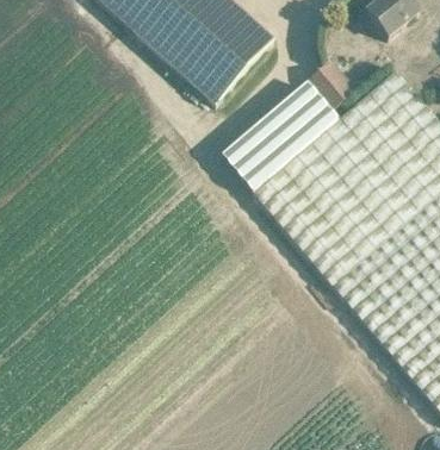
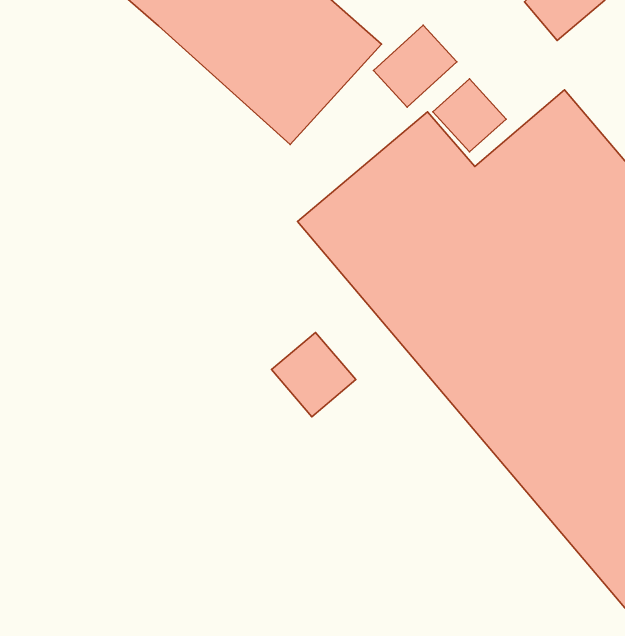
building: none -> [373,25,457,107]
building: none -> [272,332,356,417]

